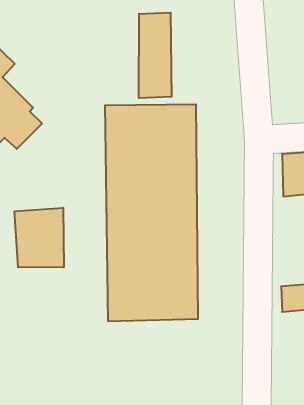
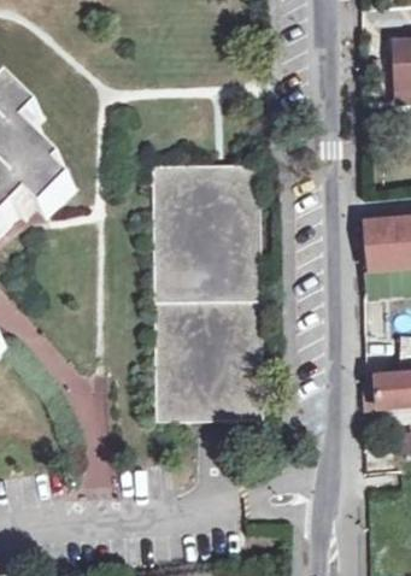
building: [139,13,172,98] -> none
building: [15,208,64,267] -> none

